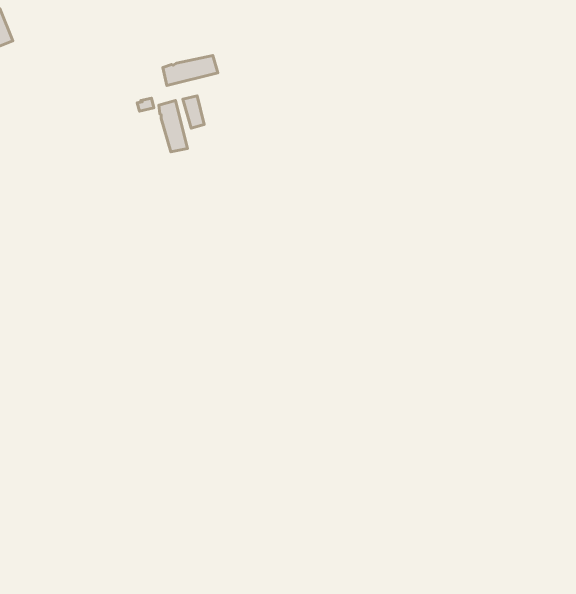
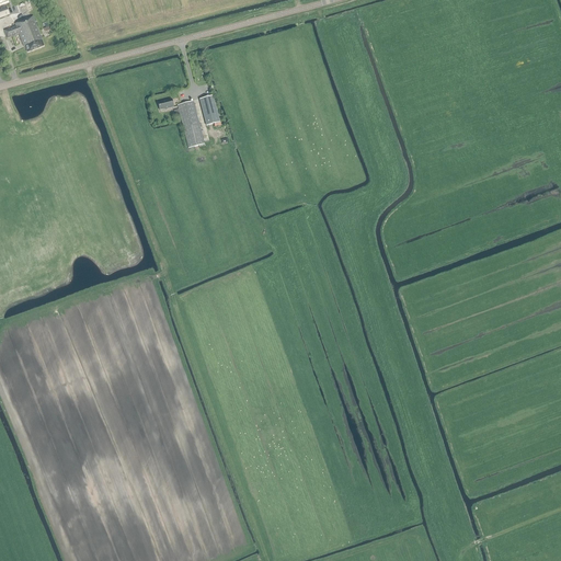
building: [163,55,218,86] -> none

